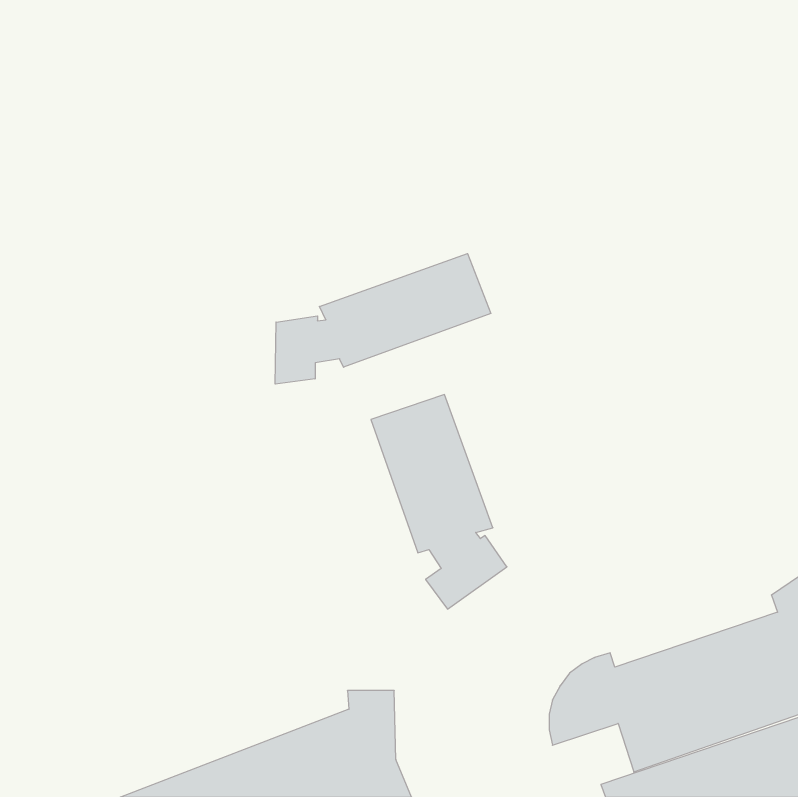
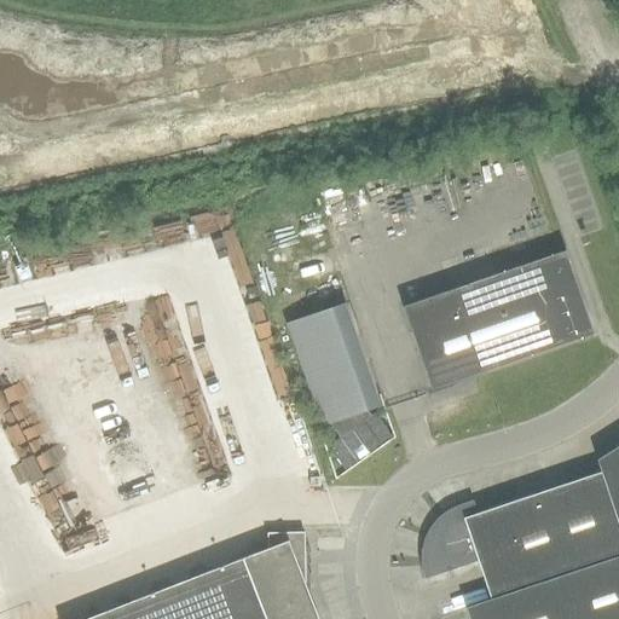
building: [275,254,491,384] -> none
building: none -> [404,251,595,391]

